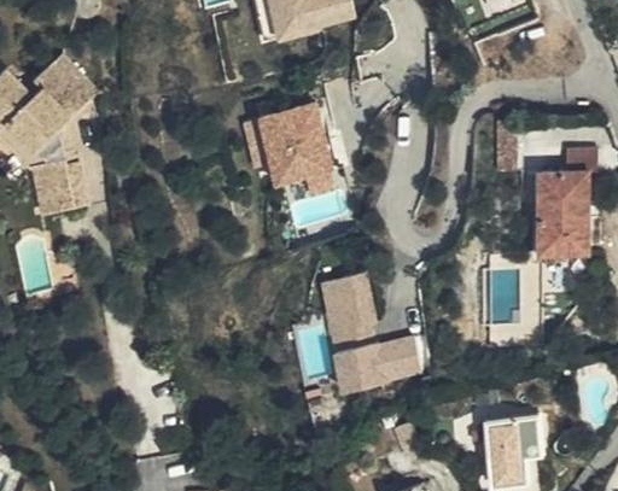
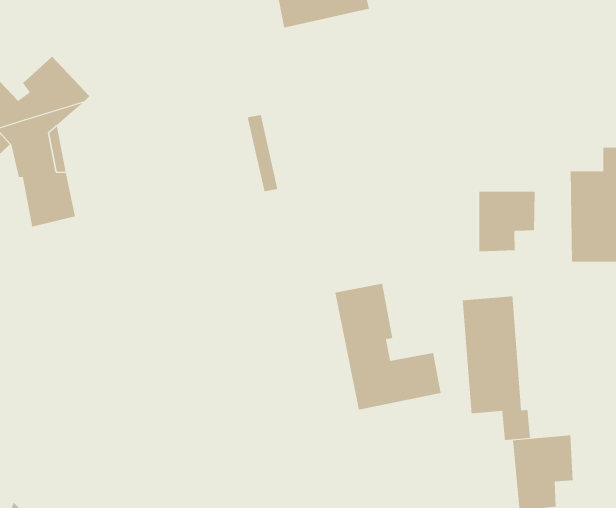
building: [257,101,331,195] -> none
building: none -> [479,191,535,252]
building: none -> [462,295,530,441]

